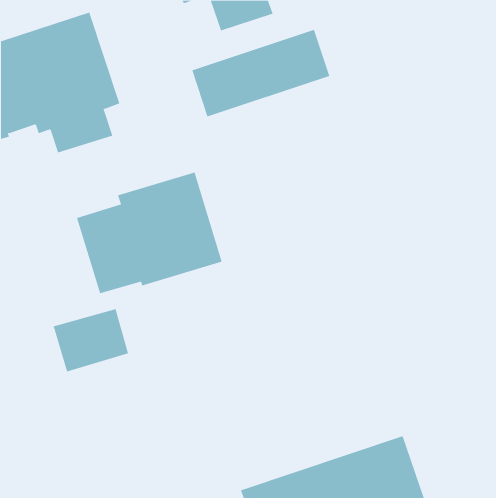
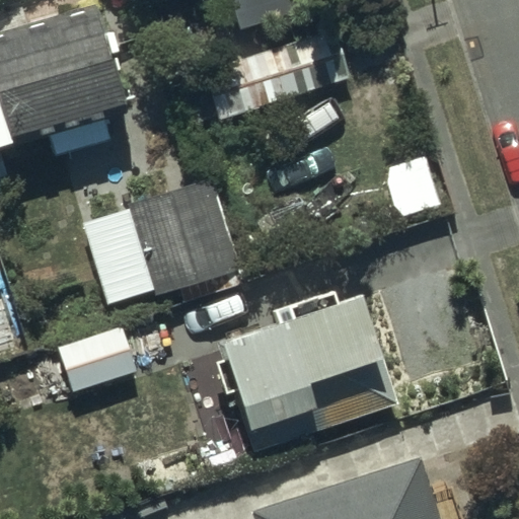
building: none -> [218,288,398,440]

